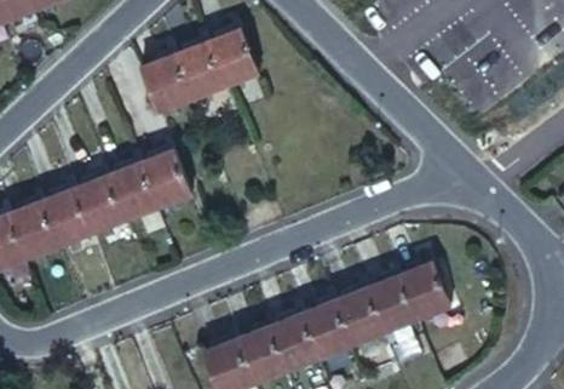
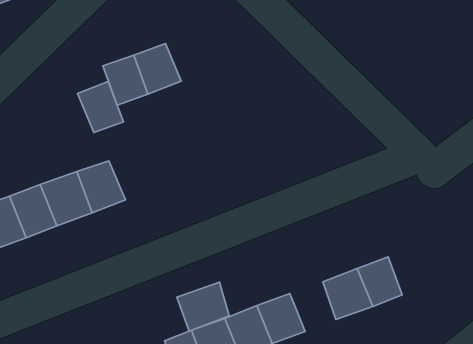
building: [200,36,248,87] -> none
building: [142,156,189,208] -> [77,82,124,133]
building: [327,292,374,343] -> none
building: none -> [177,282,229,331]

